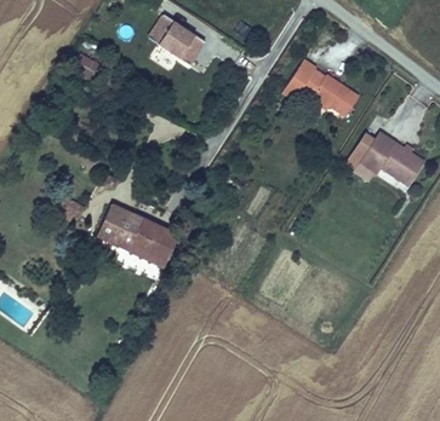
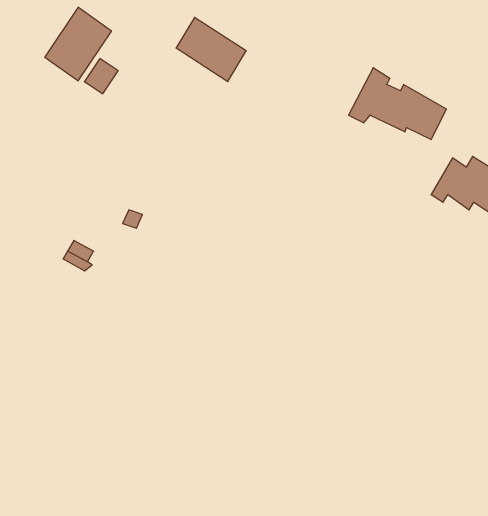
building: none -> [45,7,111,81]
building: [98,204,182,266] -> none

